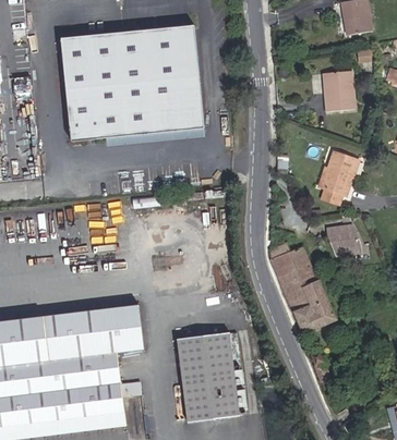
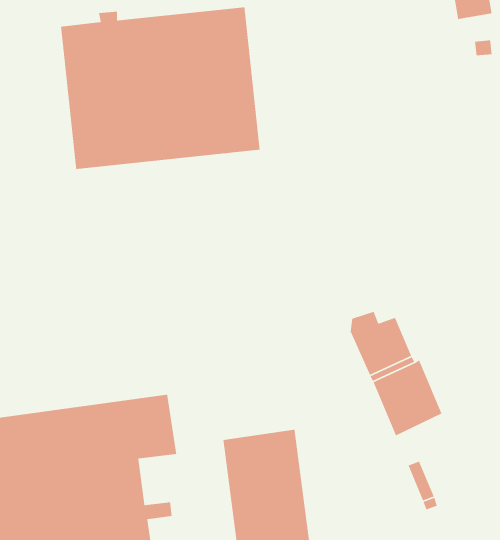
building: [324,71,353,111] -> none
building: [320,151,358,204] -> none
building: [327,223,363,254] -> none

